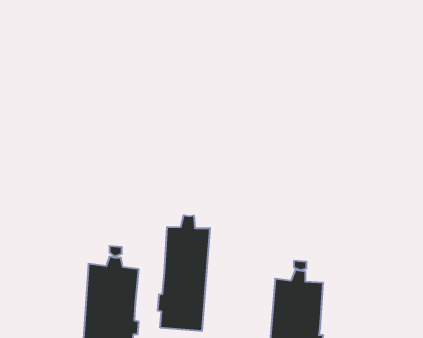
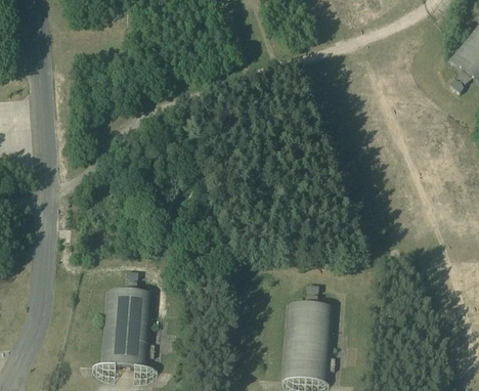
building: [158,215,210,331] -> none

